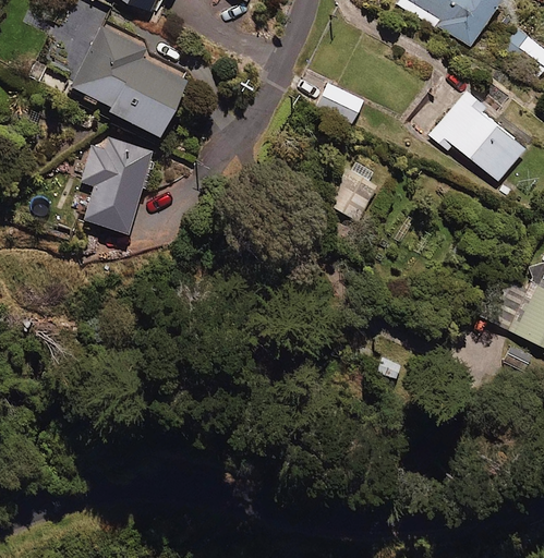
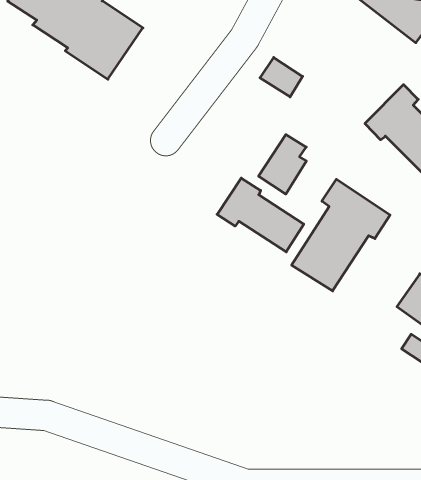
building: [86,134,157,230] -> none
building: none -> [292,179,390,291]
building: none -> [217,178,304,252]

